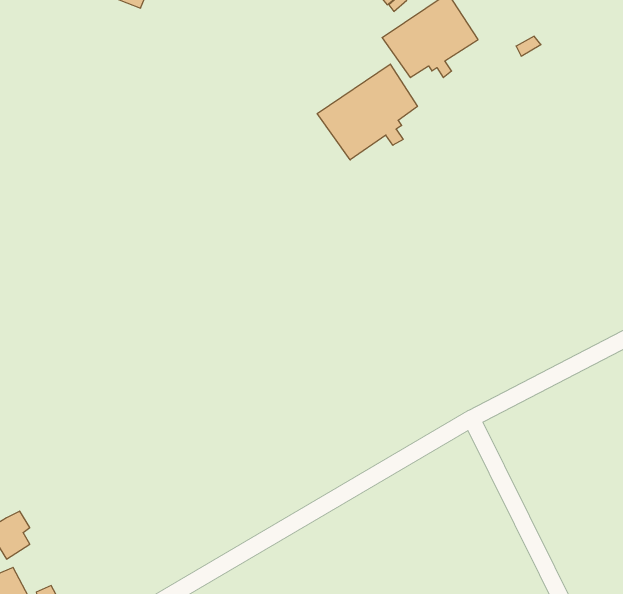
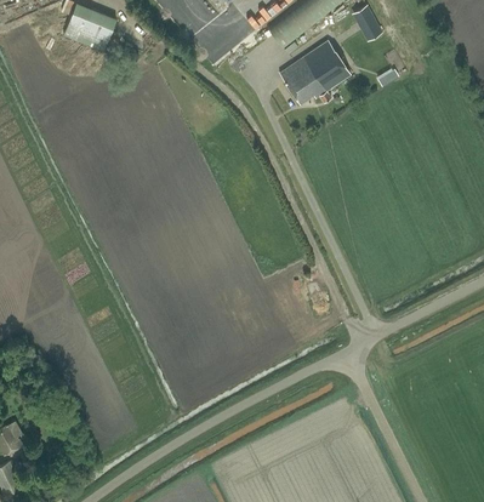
building: [317,64,417,160] -> none

